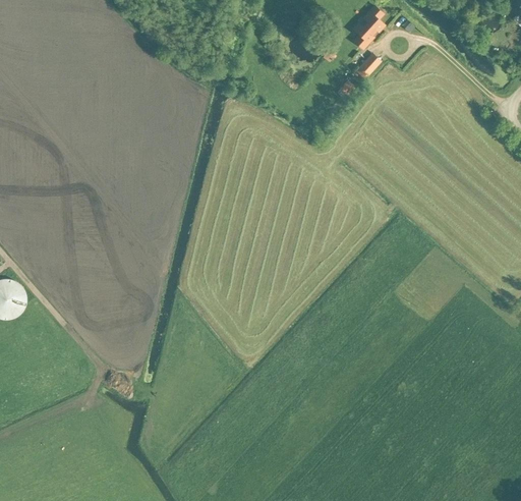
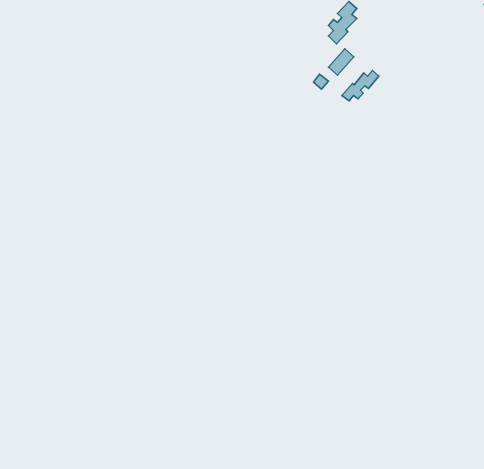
building: none -> [342,71,379,101]

